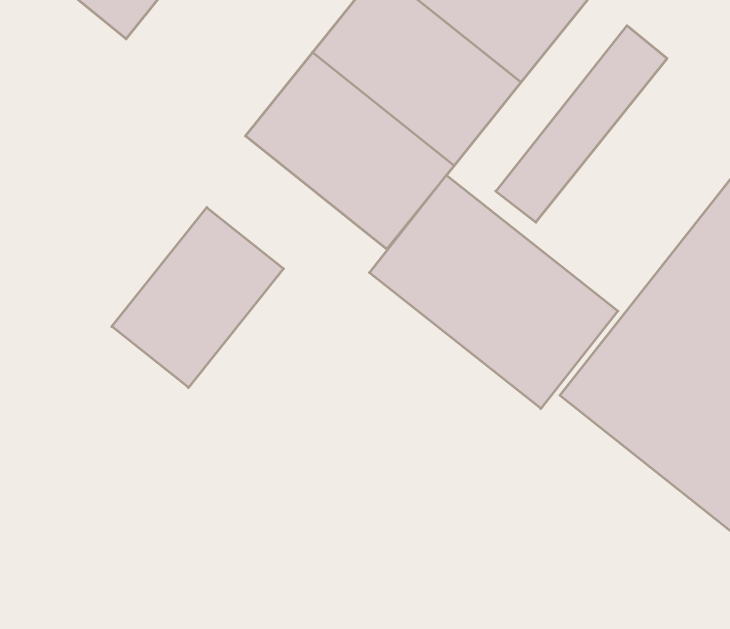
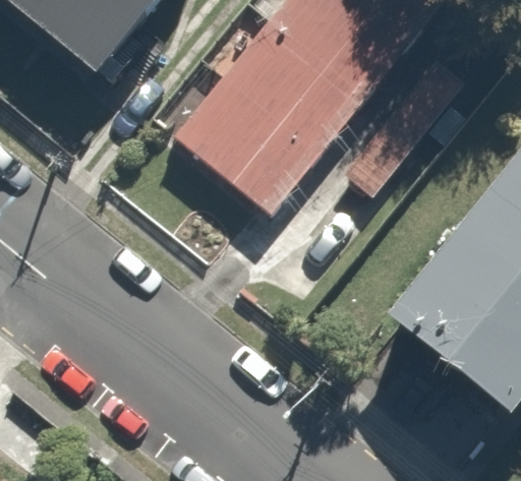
building: [369,175,618,409] -> none
building: [112,207,284,388] -> none

